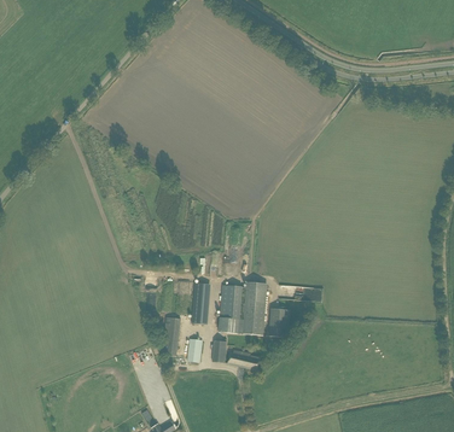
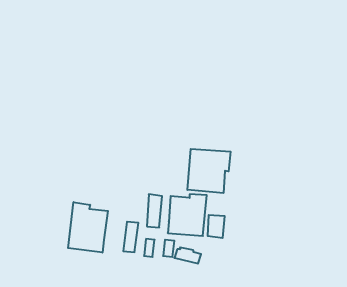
building: none -> [187,149,231,193]
building: none -> [68,202,108,253]

